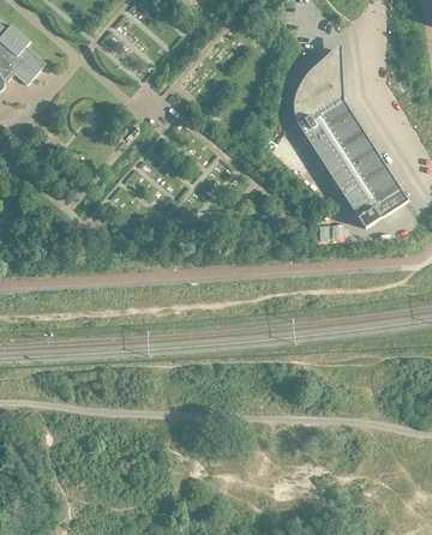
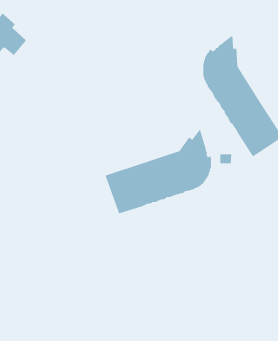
building: none -> [105,128,212,214]

